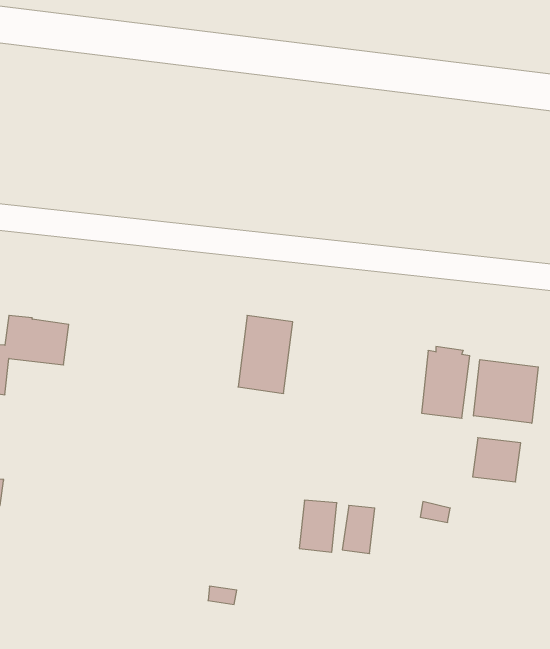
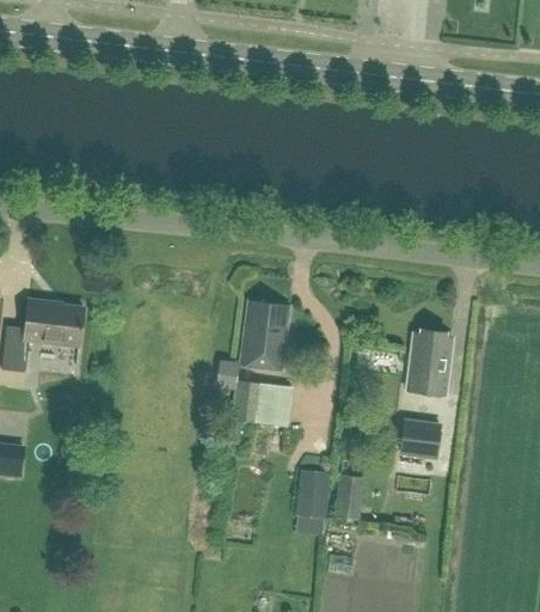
building: [474,360,538,423] -> none
building: none -> [232,380,292,427]
building: [473,438,521,482] -> [397,418,441,459]

